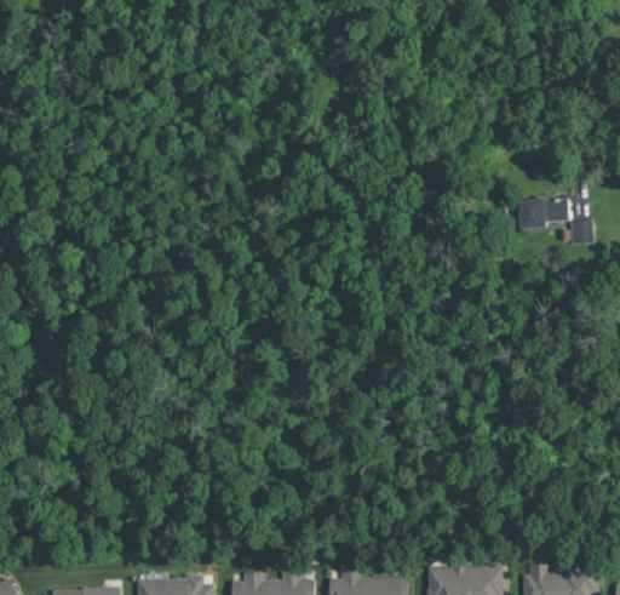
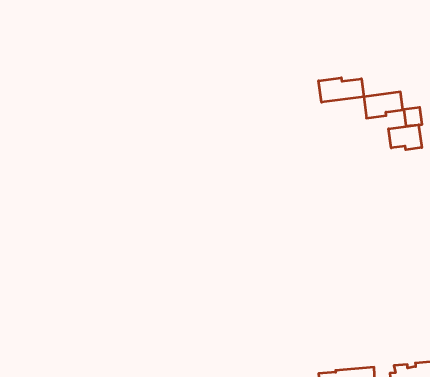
building: none -> [319,78,364,102]
building: none -> [389,125,422,150]

